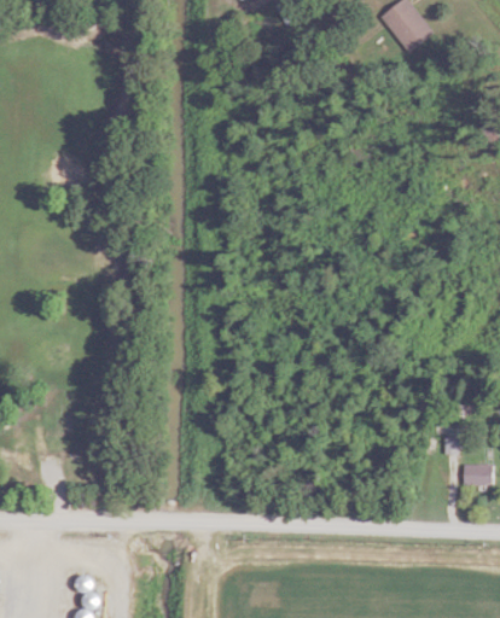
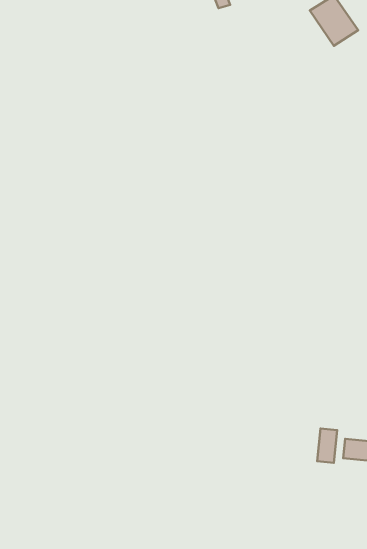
building: none -> [317,428,337,463]

